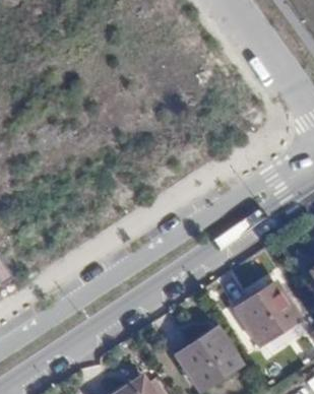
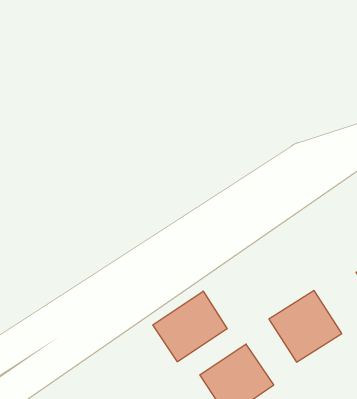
building: none -> [153,291,227,362]

